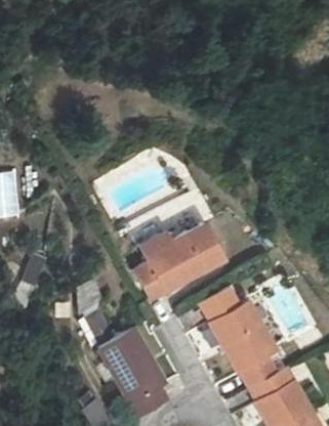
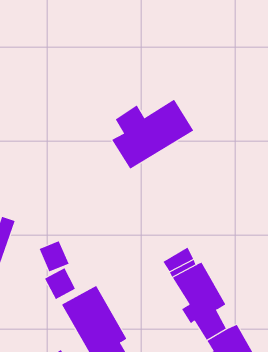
building: [139,221,231,299] -> [111,99,194,170]

